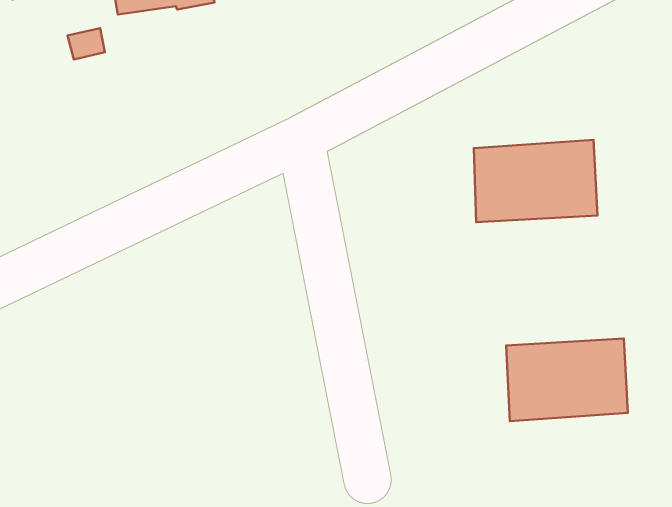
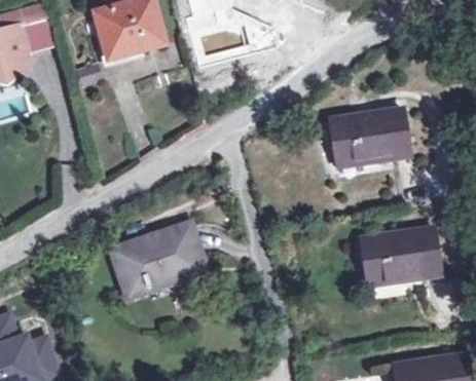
building: none -> [114,224,205,290]

